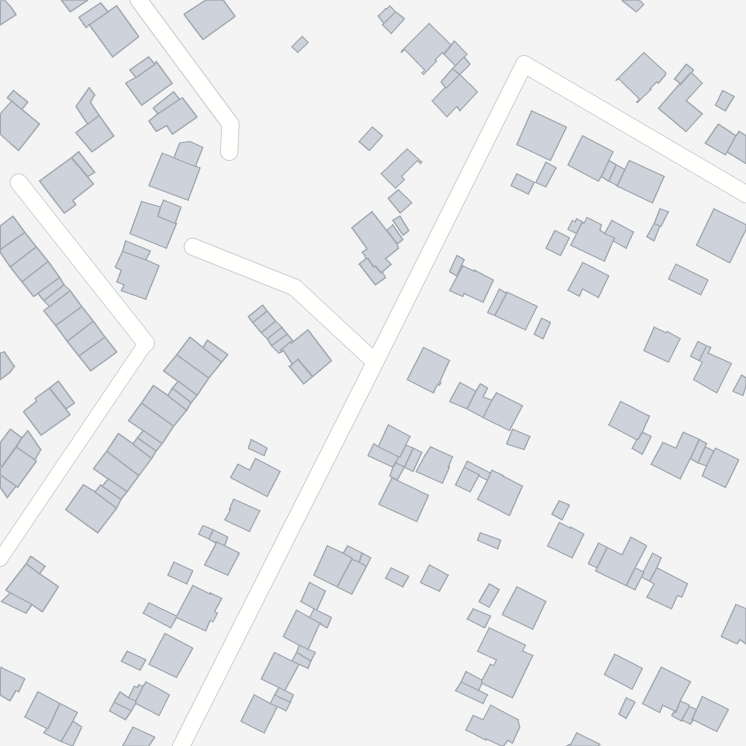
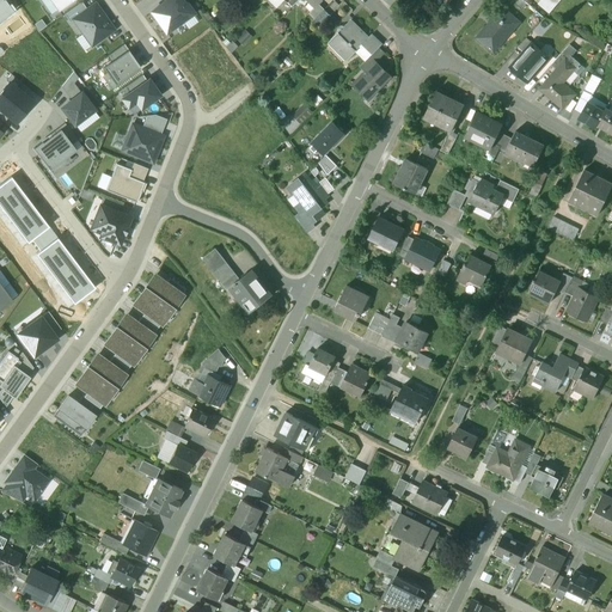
building: none -> [477,7,520,53]
building: none -> [393,158,427,192]
building: [568,263,609,298] -> [458,256,491,284]
building: [379,478,428,522] -> [274,412,314,448]

